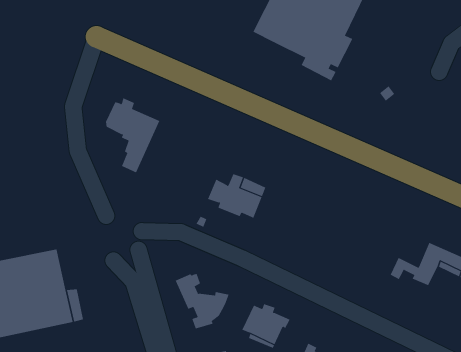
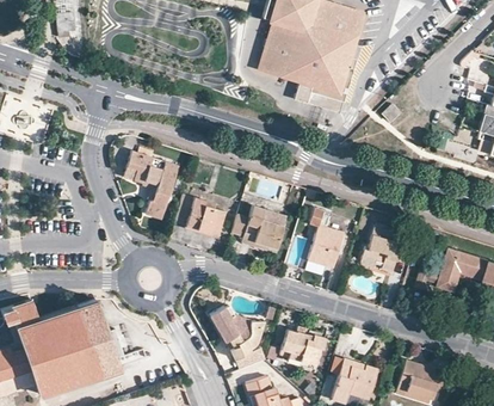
building: none -> [177,193,226,234]
building: none -> [309,208,345,267]
building: none -> [360,226,402,272]

